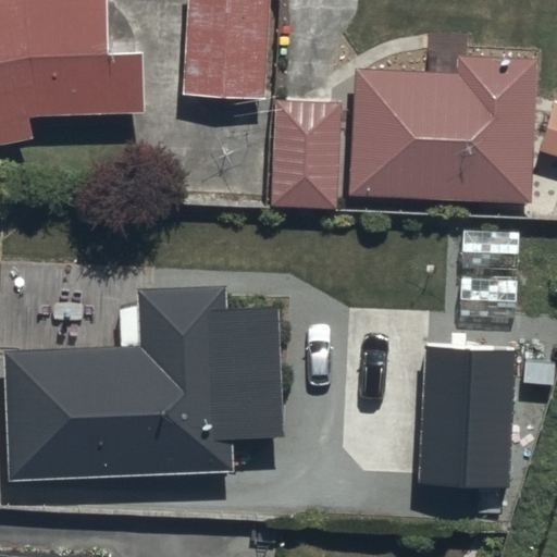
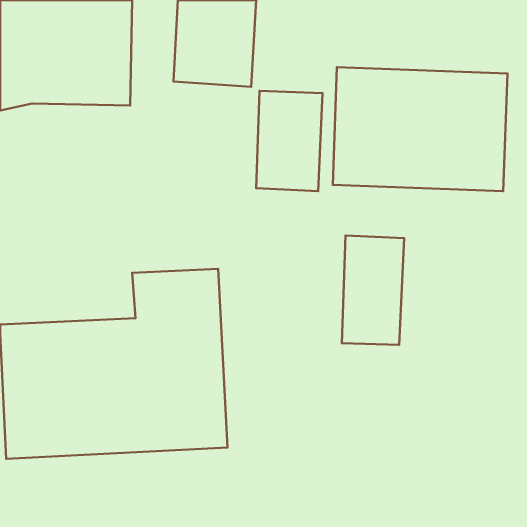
building: none -> [342,235,404,345]
building: [417,345,517,486] -> none

